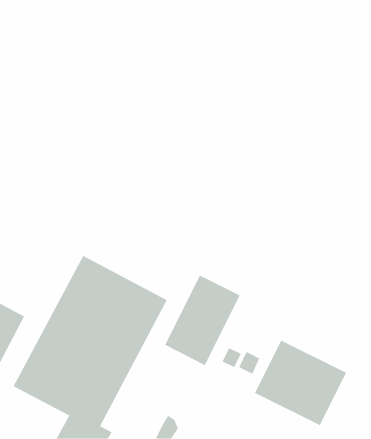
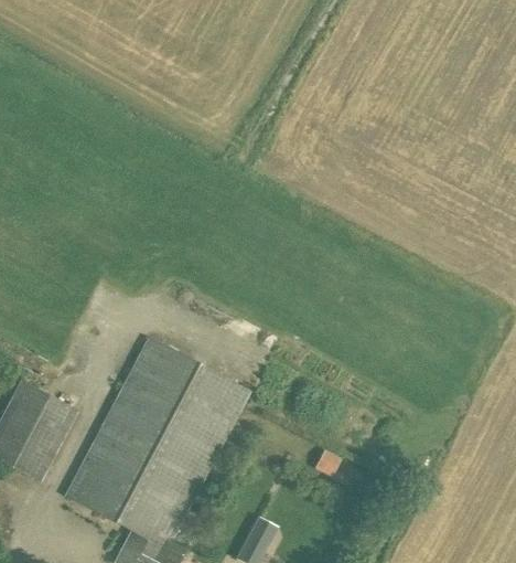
building: [164,274,241,366] -> none
building: [254,339,347,426] -> none

